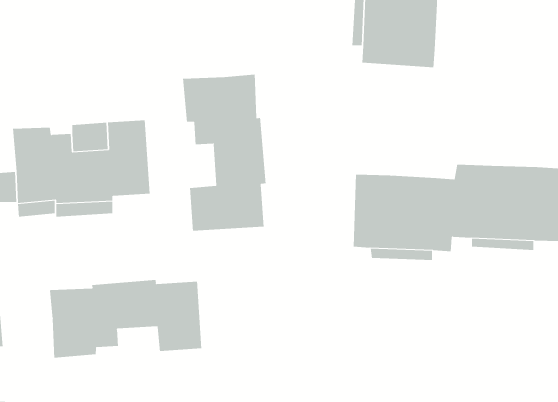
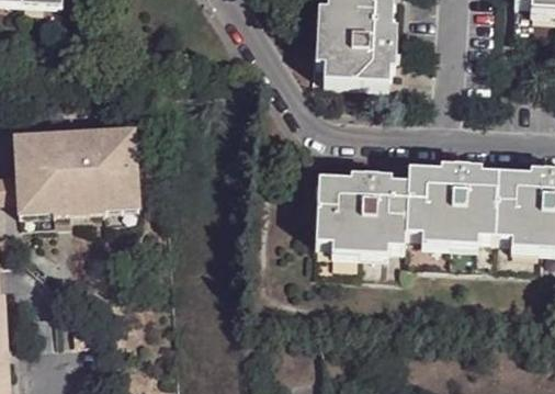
building: [182,74,266,232] -> none
building: [49,279,202,359] -> none

